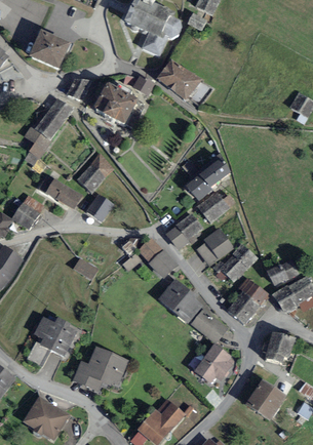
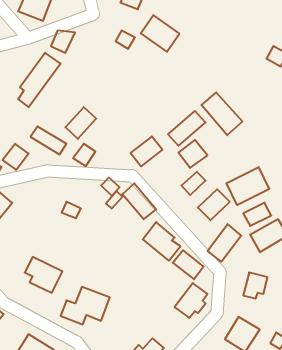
building: [96,86,143,128] -> none
building: none -> [201,92,242,135]
building: [167,215,201,247] -> [131,136,162,166]
building: none -> [227,167,269,205]

